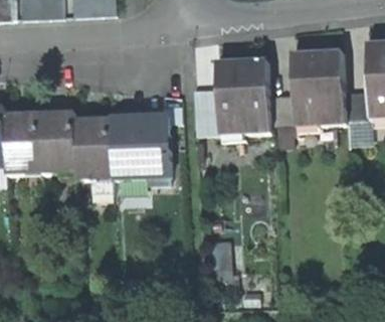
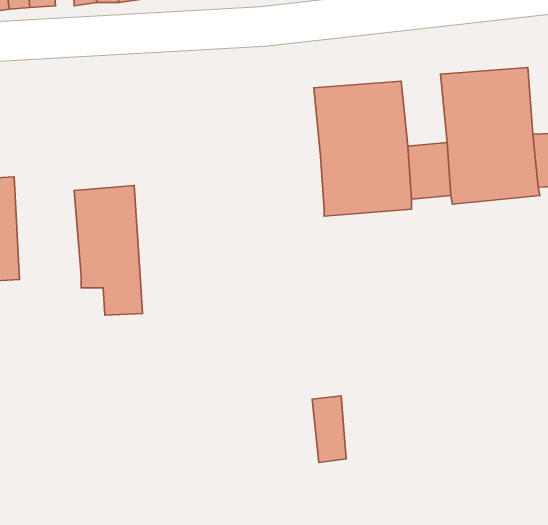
building: [194,100,221,133] -> none
building: [39,111,78,172] -> none
building: [110,114,173,184] -> none

